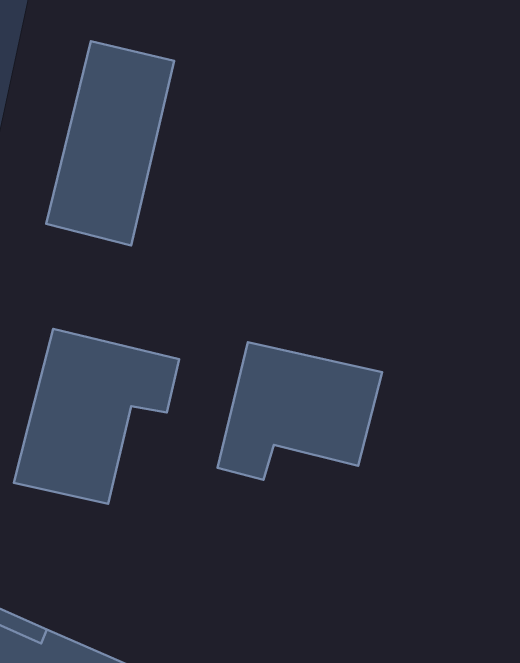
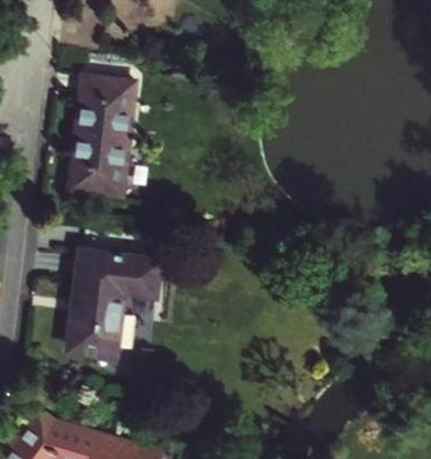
building: [218,342,382,480] -> none

